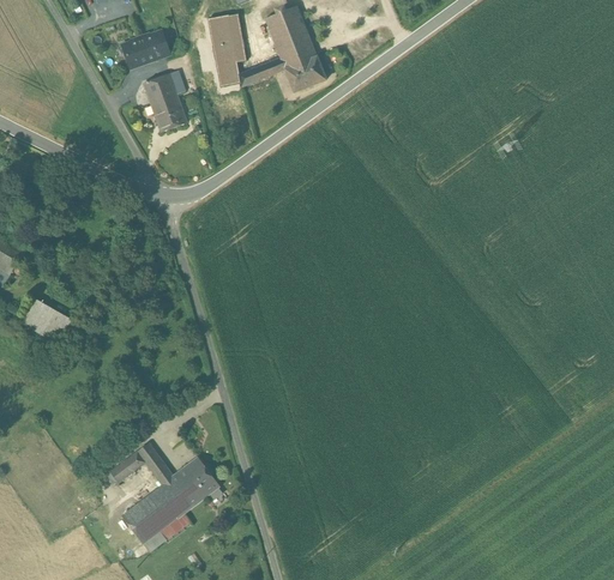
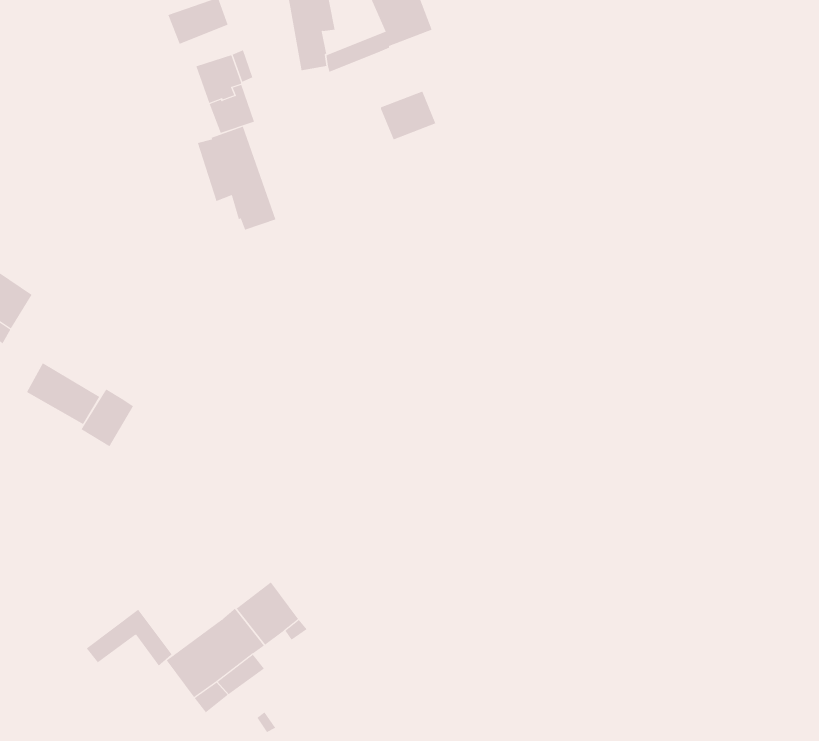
building: [284,55,325,91] -> [380,91,436,140]
building: none -> [197,126,276,231]
building: none -> [80,389,134,447]
building: [109,442,173,484] -> [86,609,173,667]

